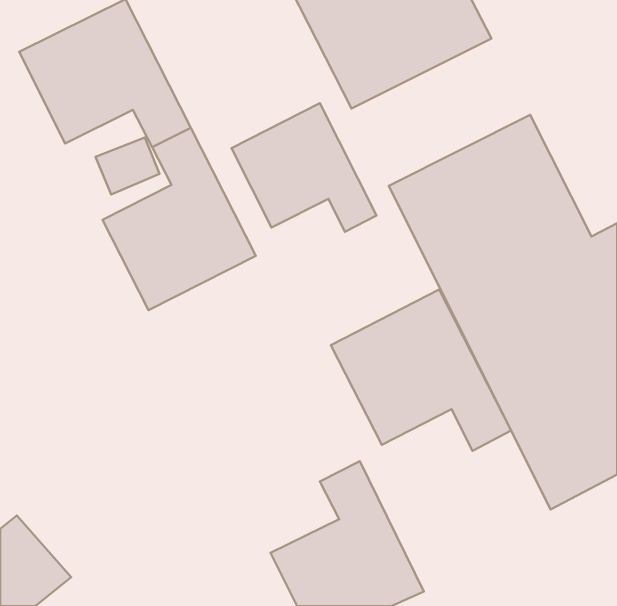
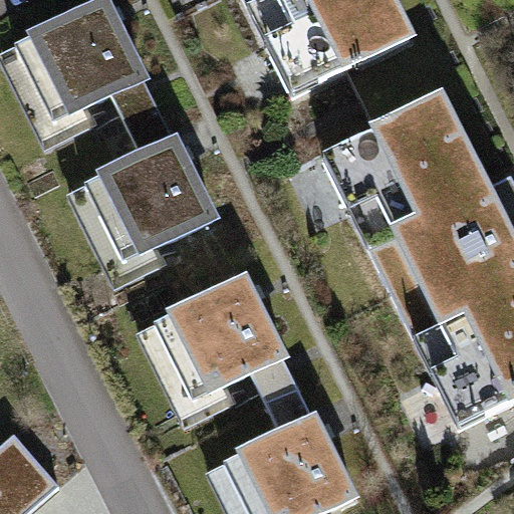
building: [231,103,376,232] -> none
building: [331,289,511,451] -> none
building: none -> [156,277,299,401]

